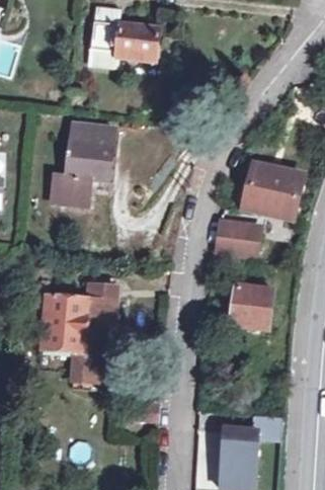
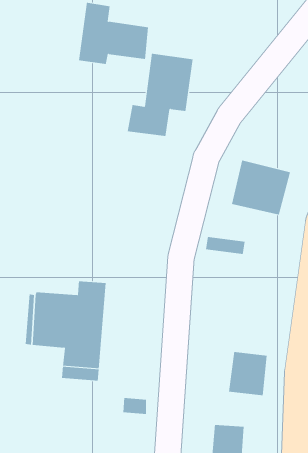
building: [48,123,114,207] -> [127,53,193,137]
building: [218,219,259,244] -> none
building: [232,284,271,329] -> [228,351,268,396]

